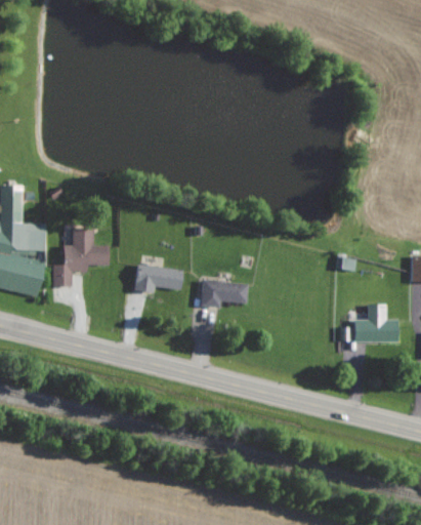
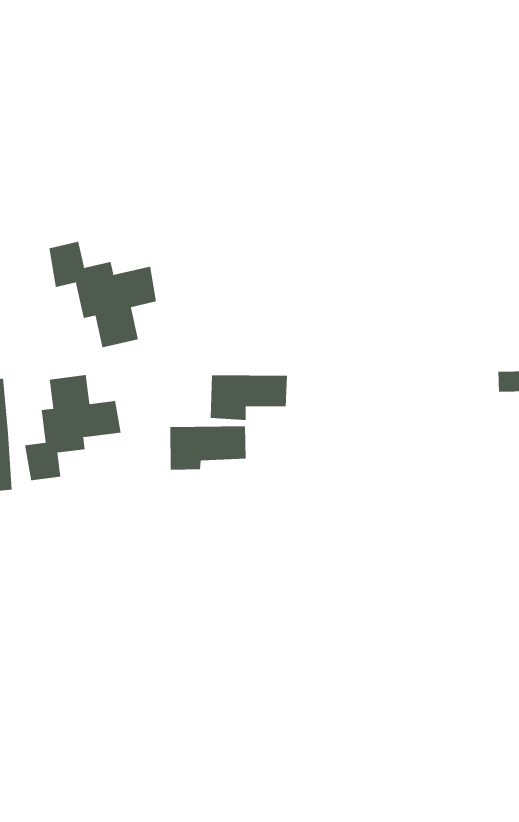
building: none -> [49,241,157,348]
building: [199,279,248,309] -> [210,375,288,421]

